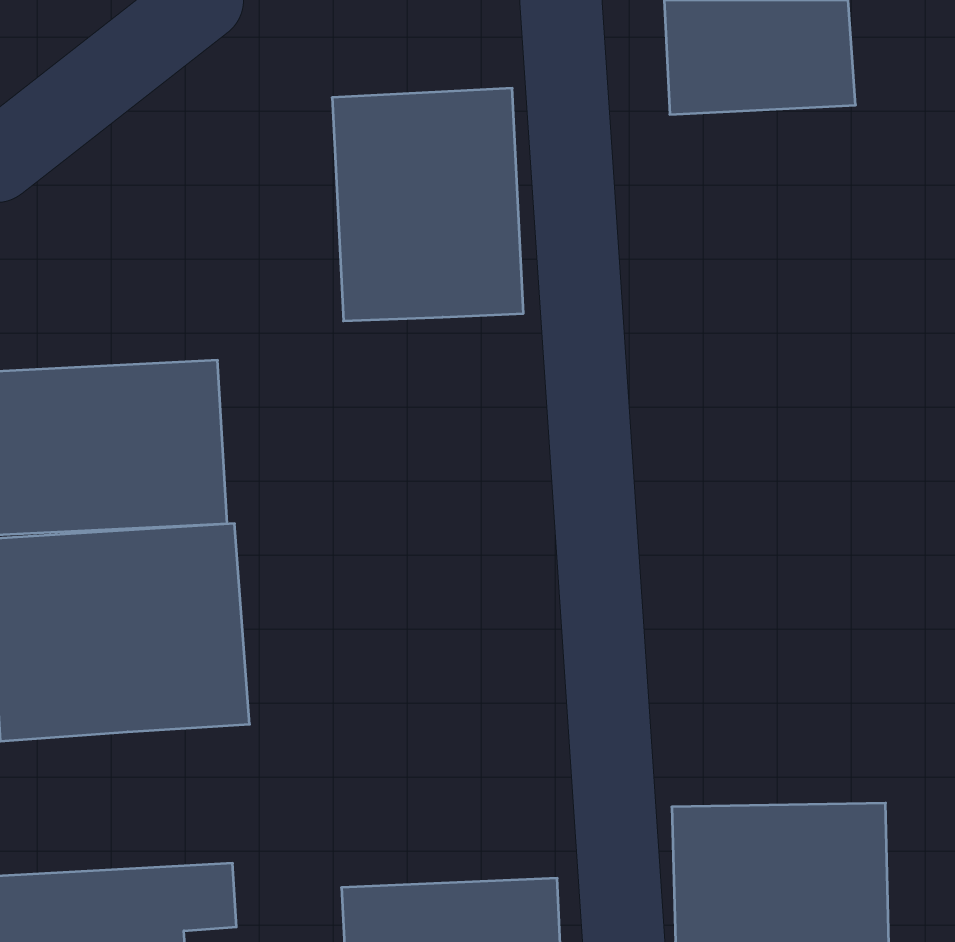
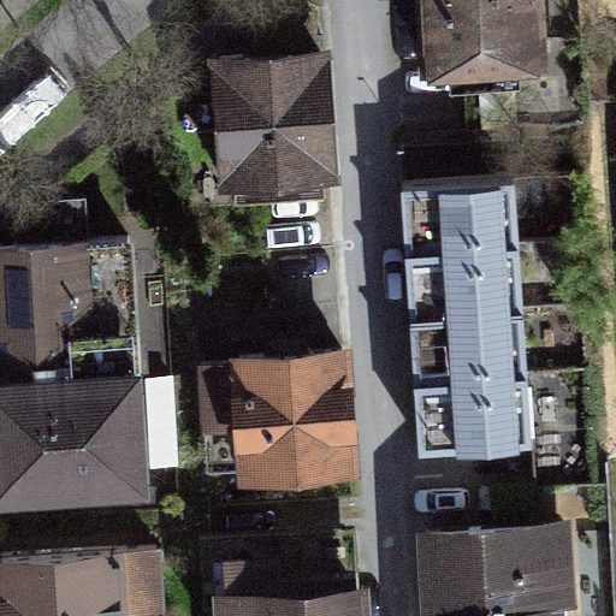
building: none -> [404,189,525,455]
building: none -> [201,353,356,476]

